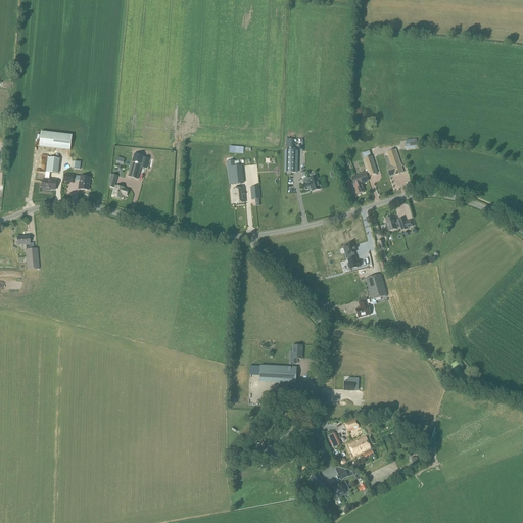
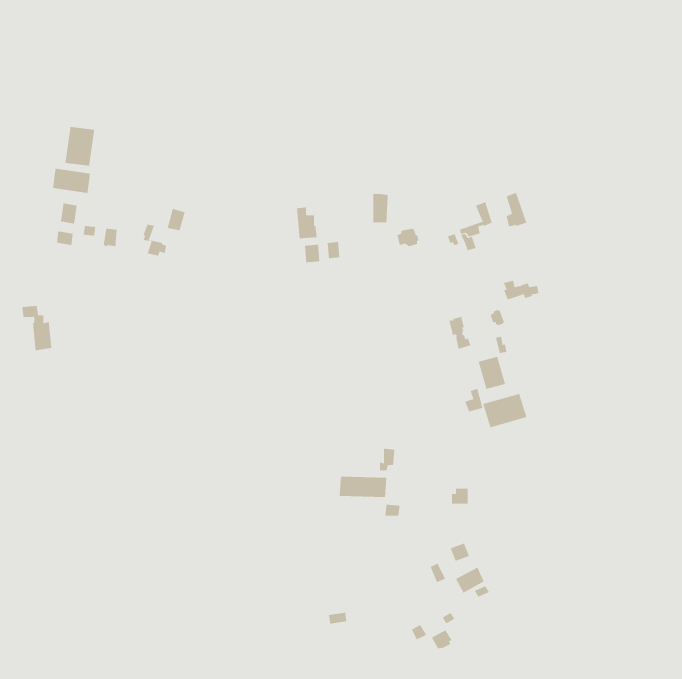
building: none -> [65,126,95,166]
building: none -> [483,393,527,428]

